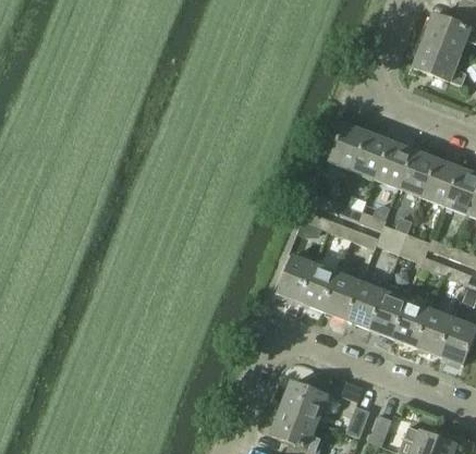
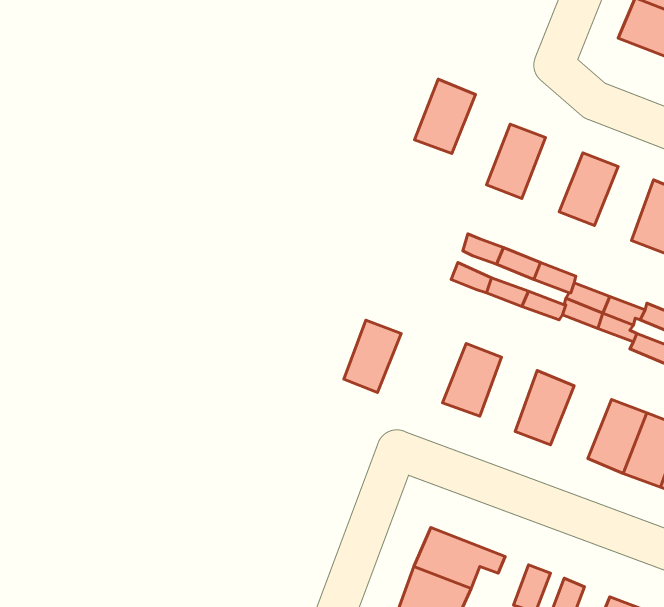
building: [350,131,389,179] -> [415,79,475,153]
building: [396,149,435,197] -> none
building: [277,255,314,302] -> [344,320,401,393]
building: [322,272,359,320] -> none
building: [368,283,411,338] -> none

